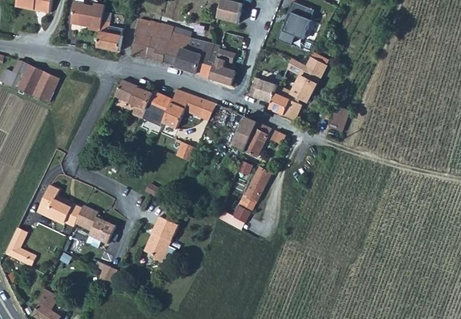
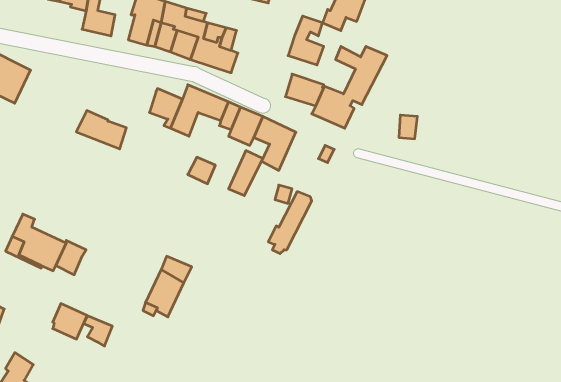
building: [208,48,235,85] -> [288,16,324,65]
building: [113,79,151,108] -> [76,111,126,149]
building: [244,123,270,157] -> [229,151,263,196]
building: [89,217,115,244] -> [53,304,87,339]

